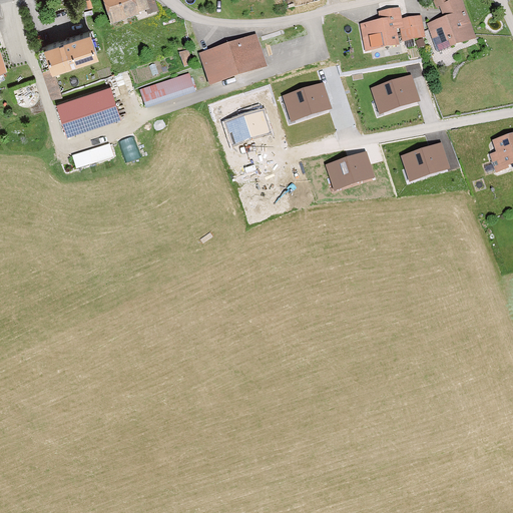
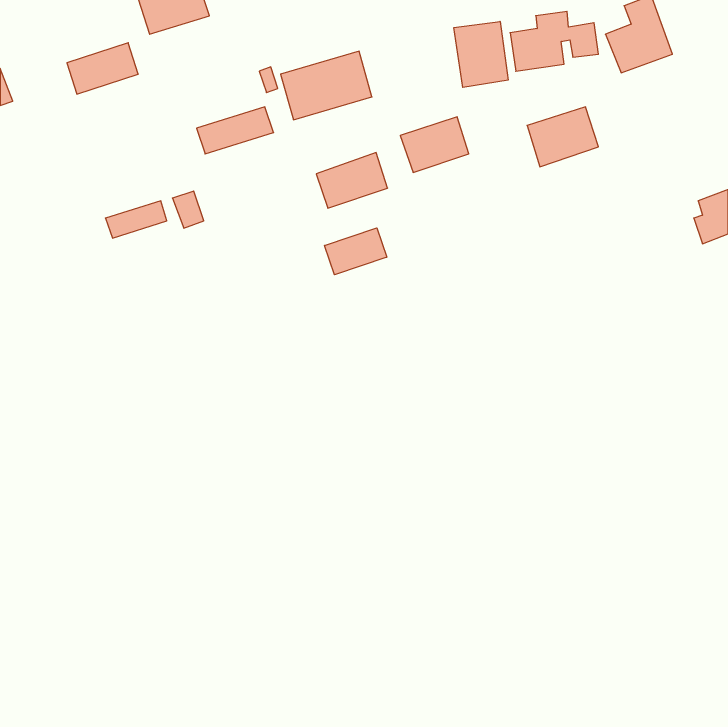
building: none -> [454,21,508,87]
building: [55,84,118,133] -> none
building: [402,142,450,180] -> none
building: [326,149,374,188] -> none
building: none -> [325,228,387,275]

